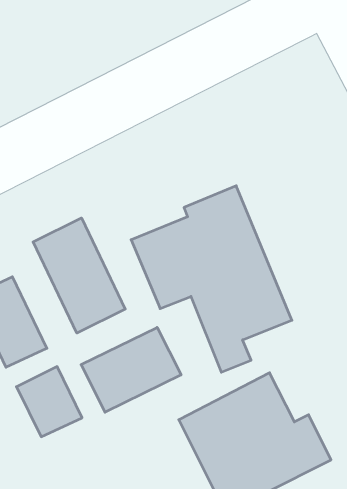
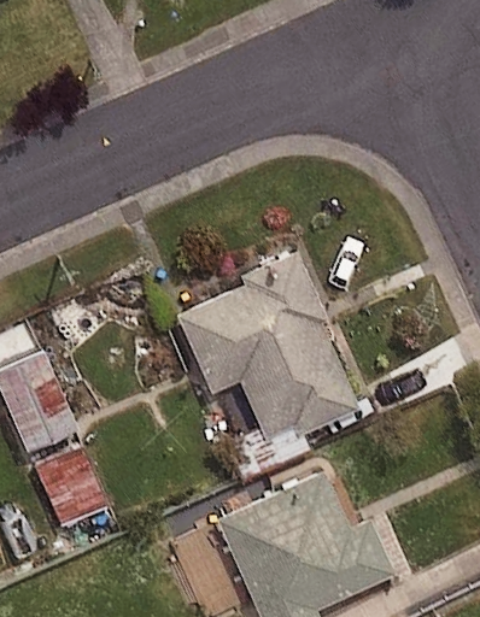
building: [33,218,125,333] -> none
building: [81,327,181,412] -> none

